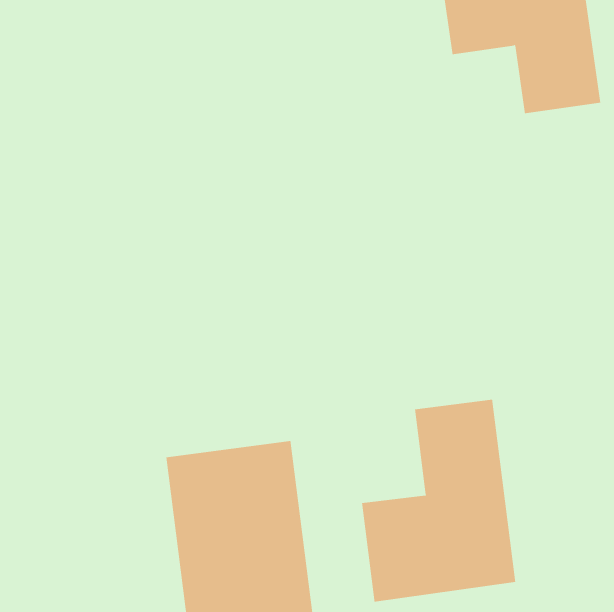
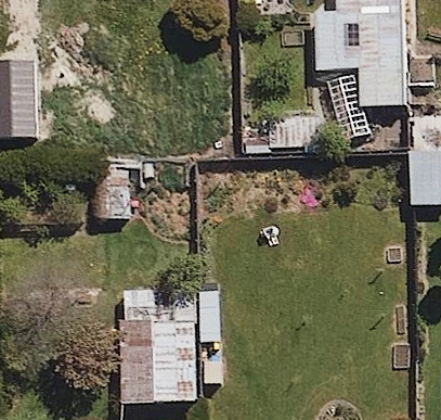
building: [362,399,516,603] -> none

